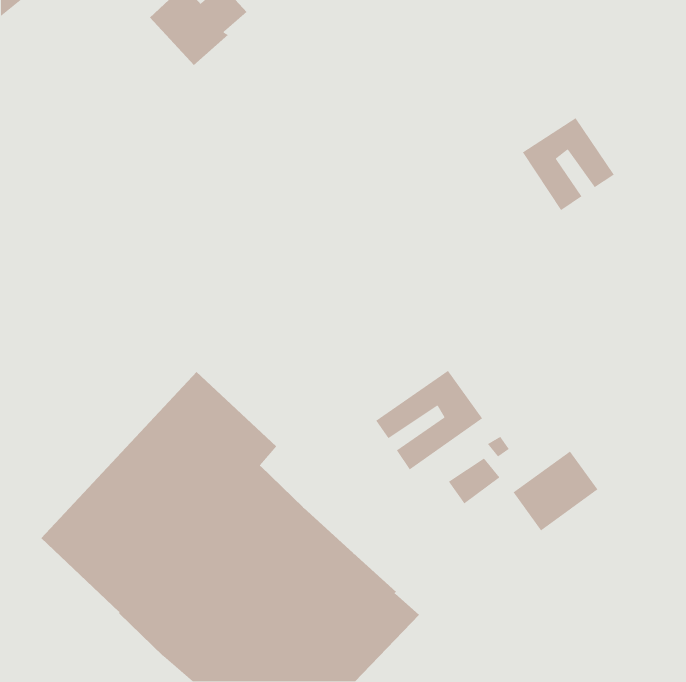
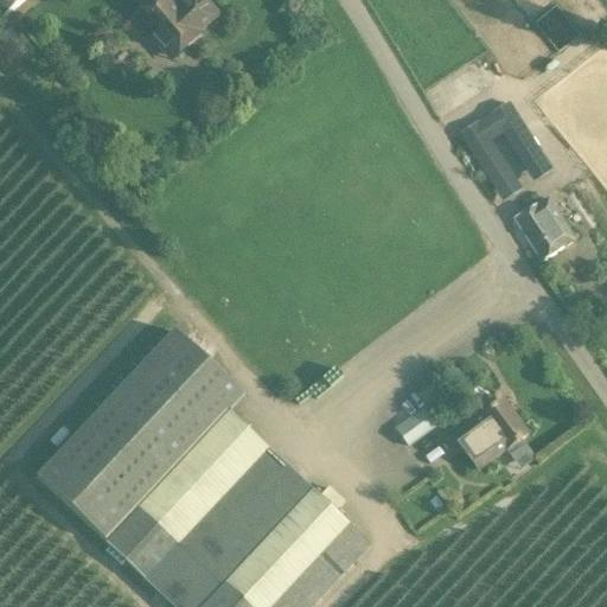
building: none -> [515,196,575,258]
building: [375,370,483,471] -> none

